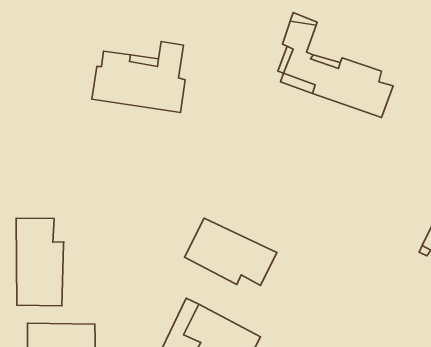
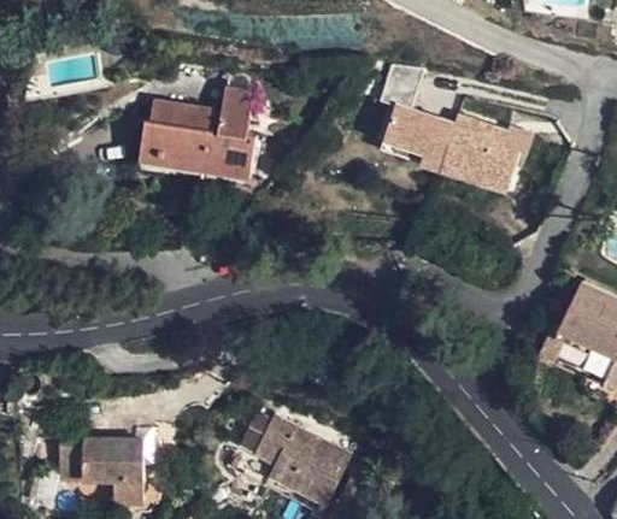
building: [184,218,277,285] -> none
building: [16,218,64,306] -> none

